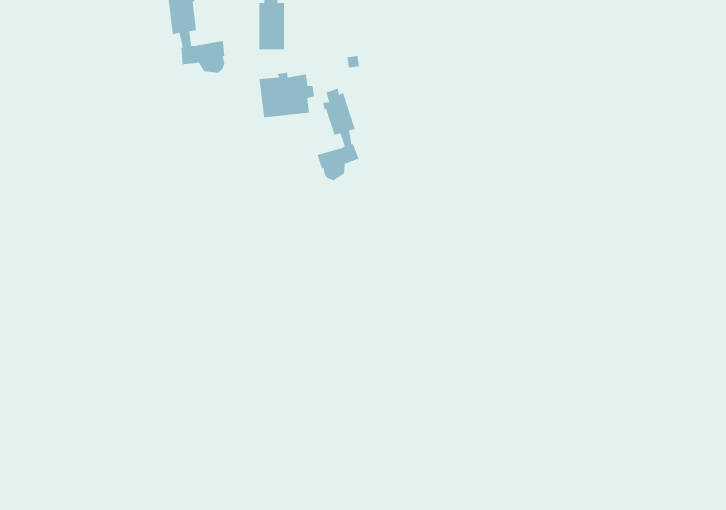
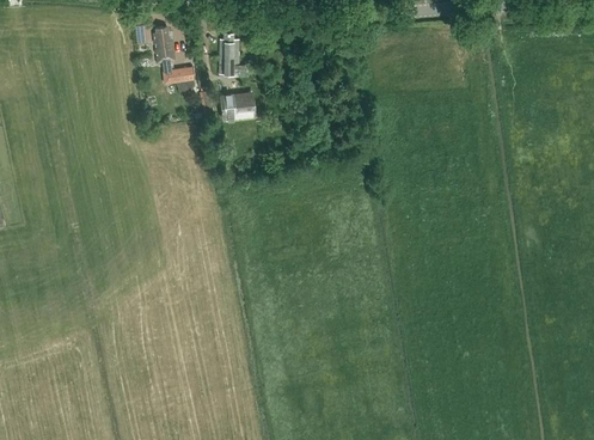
building: [316,88,359,181] -> none

